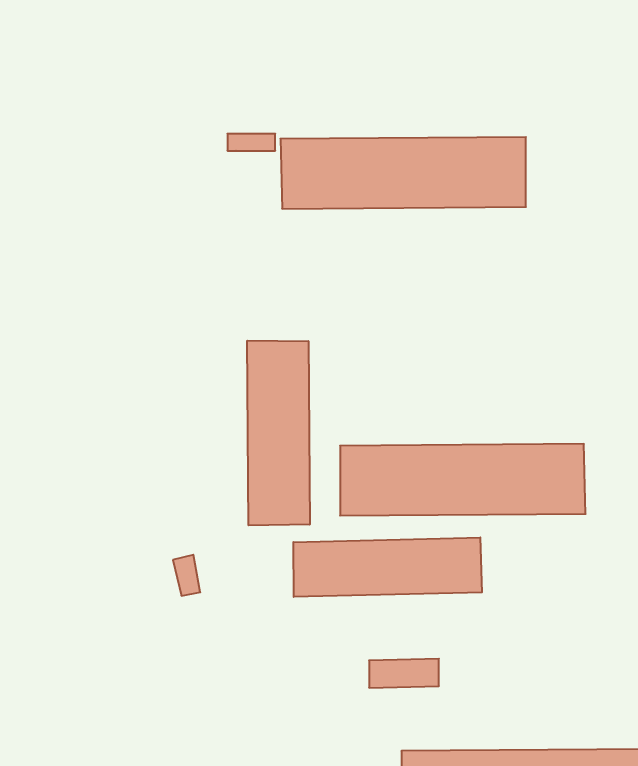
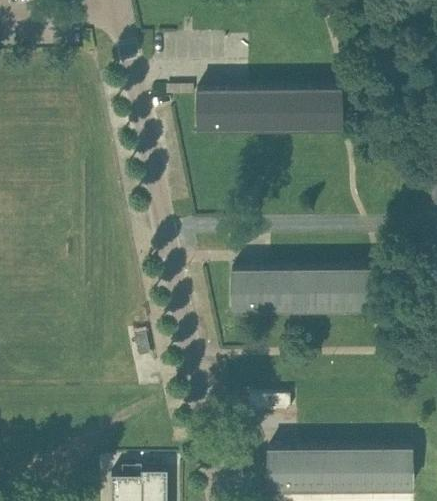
building: [247,341,310,525] -> none
building: [293,537,482,597] -> none

